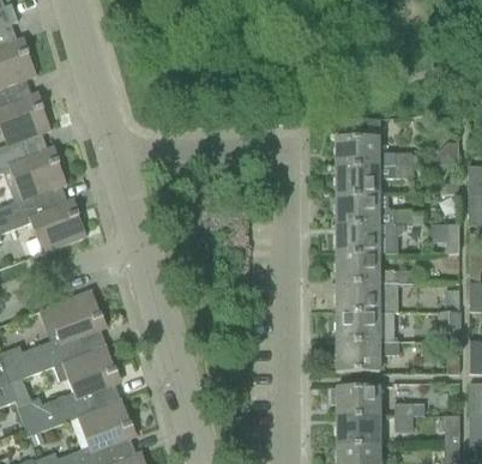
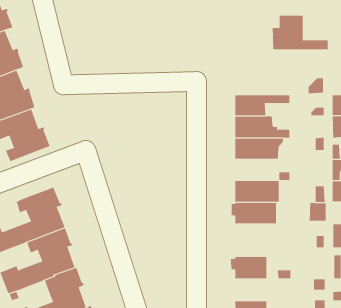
building: [335,120,411,167] -> [272,15,328,50]
building: [336,254,379,283] -> none
building: [336,342,398,372] -> none
building: [336,416,380,446] -> none

